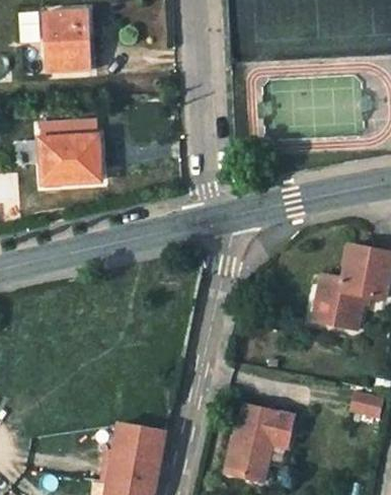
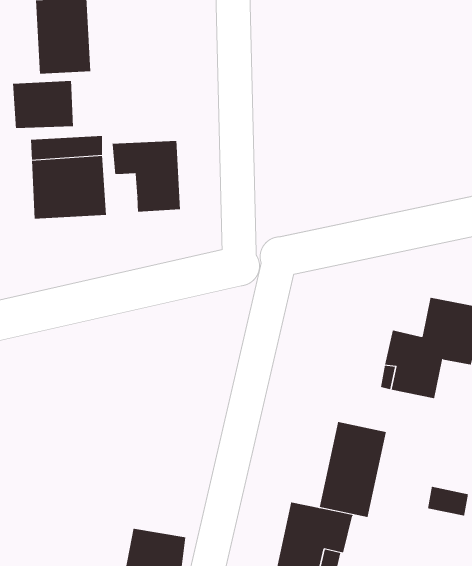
building: none -> [13,80,74,129]
building: none -> [111,140,181,212]
building: none -> [319,421,387,518]

